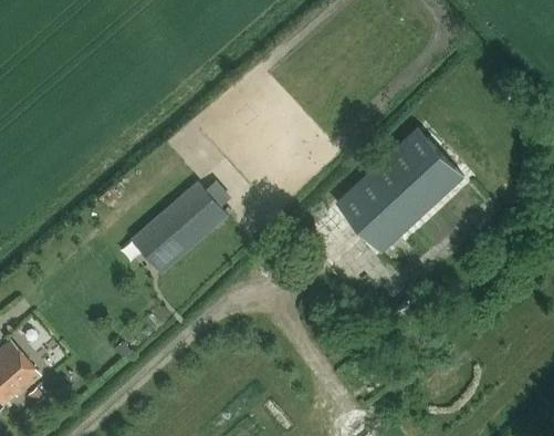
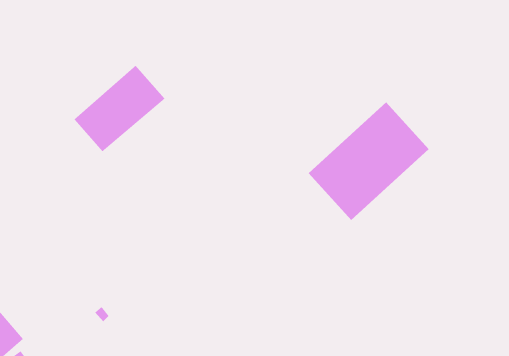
building: [133,183,229,274] -> [74,65,165,152]

